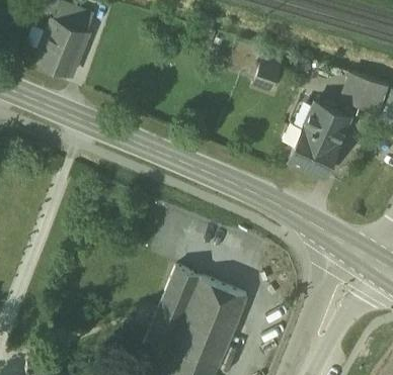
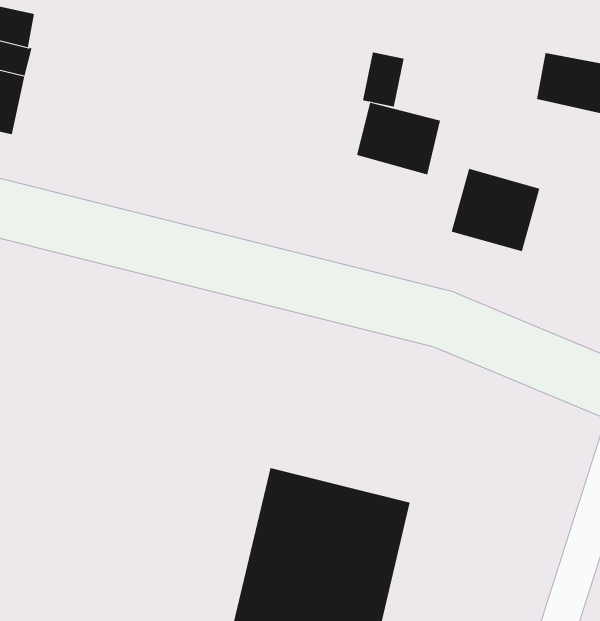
building: [304,104,350,147] -> [356,102,441,175]

